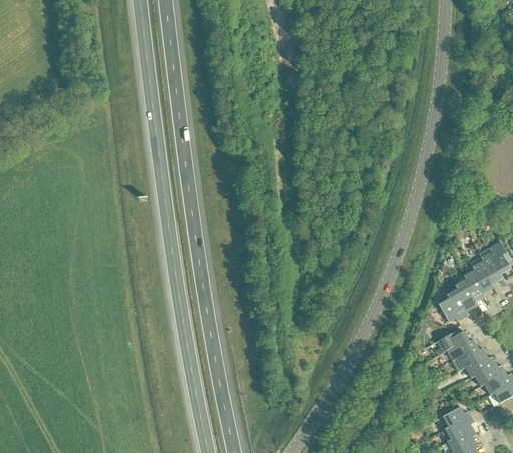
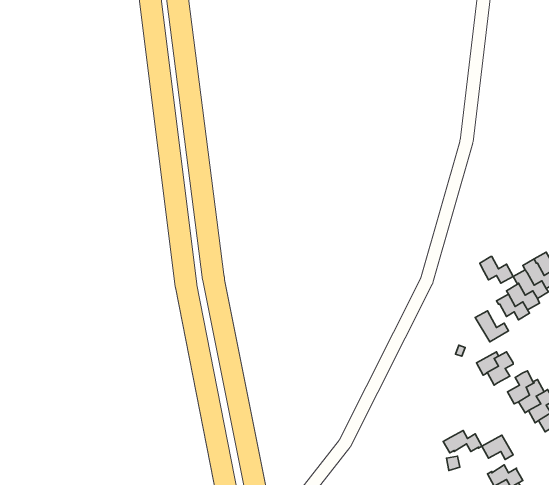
building: [446,288,476,312] -> [480,256,513,283]
building: [452,339,478,371] -> none
building: [440,421,475,441] -> [443,431,482,453]

